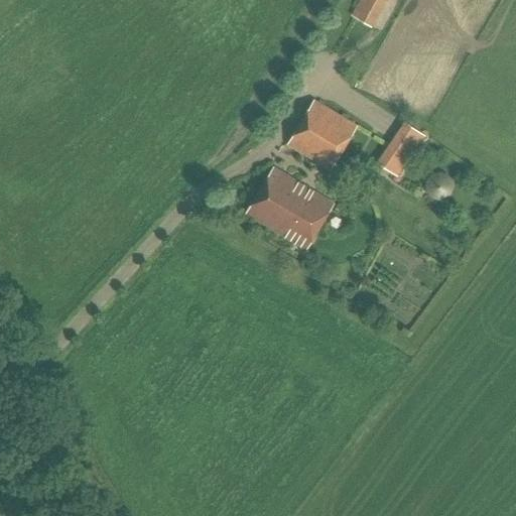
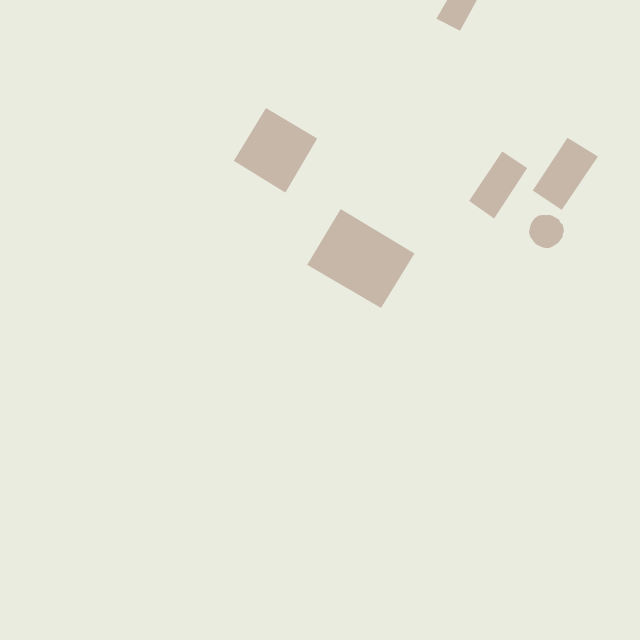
building: [289,100,358,169] -> [233,107,318,194]
building: none -> [532,137,599,211]

